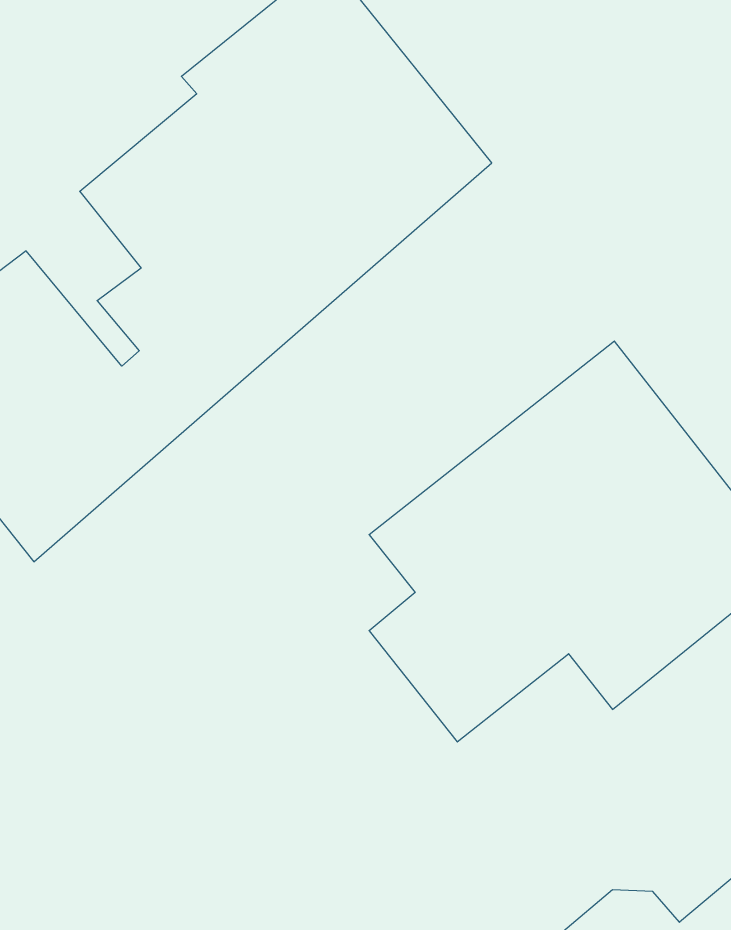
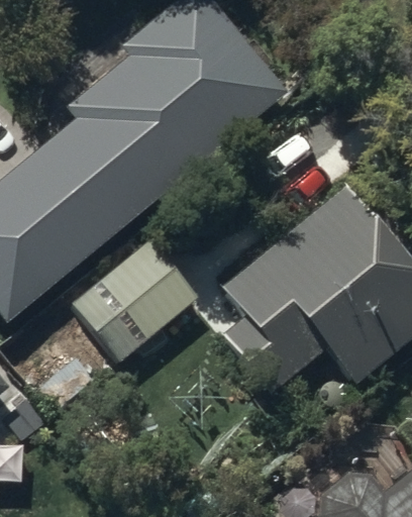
building: none -> [69,235,199,361]

